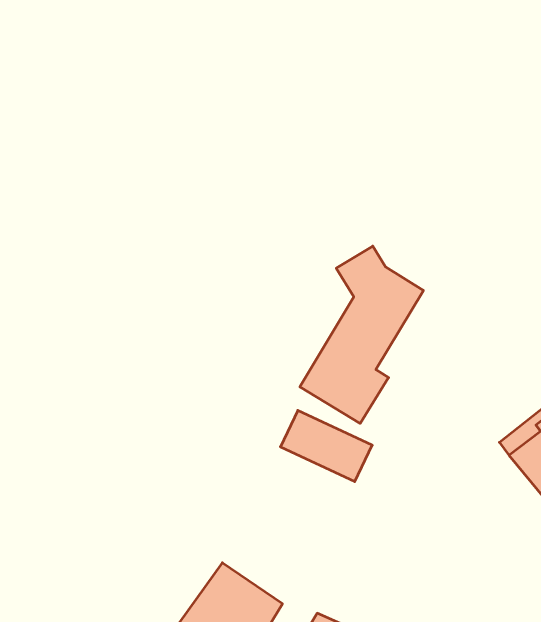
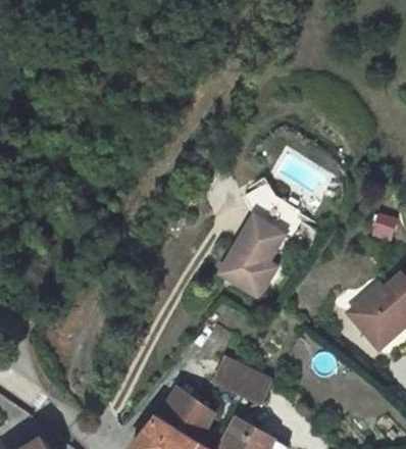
building: [280,410,372,482] -> [213,358,272,404]

